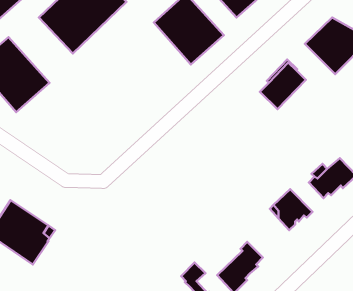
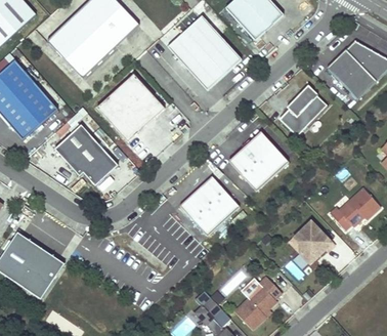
building: none -> [97,75,165,142]
building: none -> [55,125,119,186]
building: none -> [228,131,289,192]
building: none -> [180,176,240,236]

